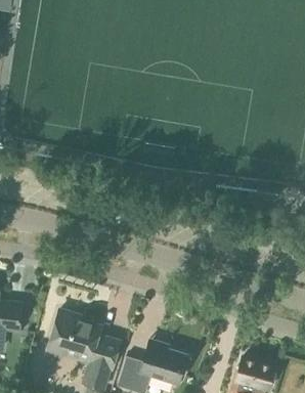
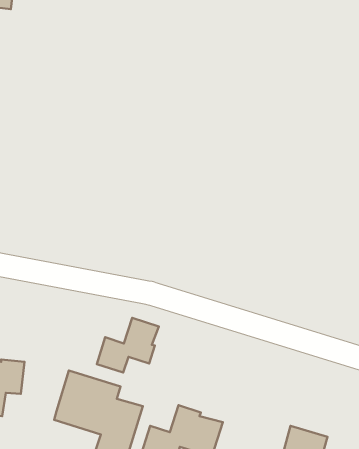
building: none -> [97,318,159,373]

